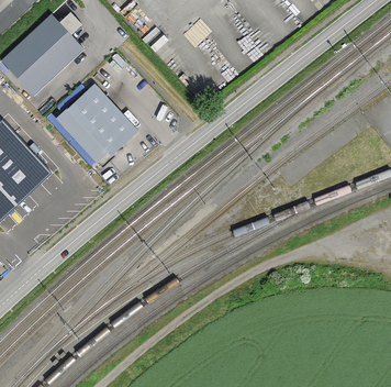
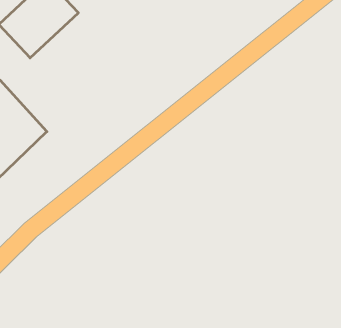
building: [55,84,137,165] -> none

